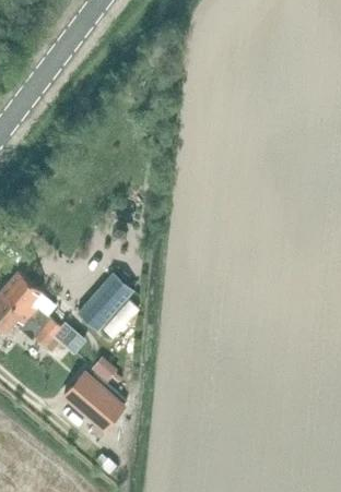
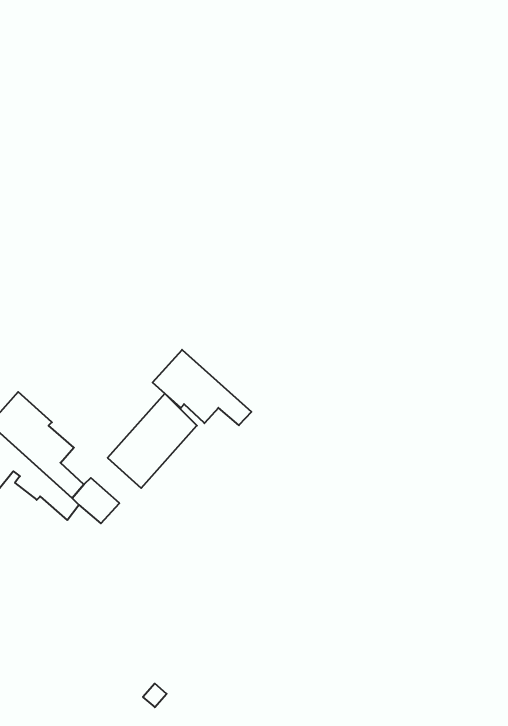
building: none -> [153,350,251,425]
building: [62,372,126,433] -> none

